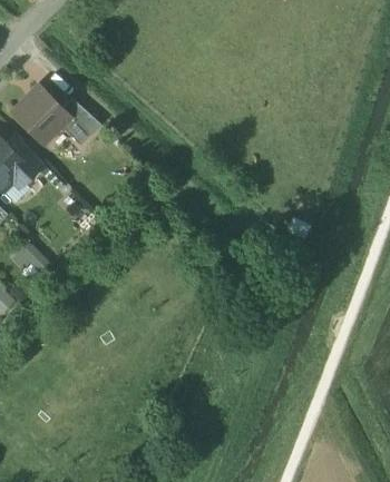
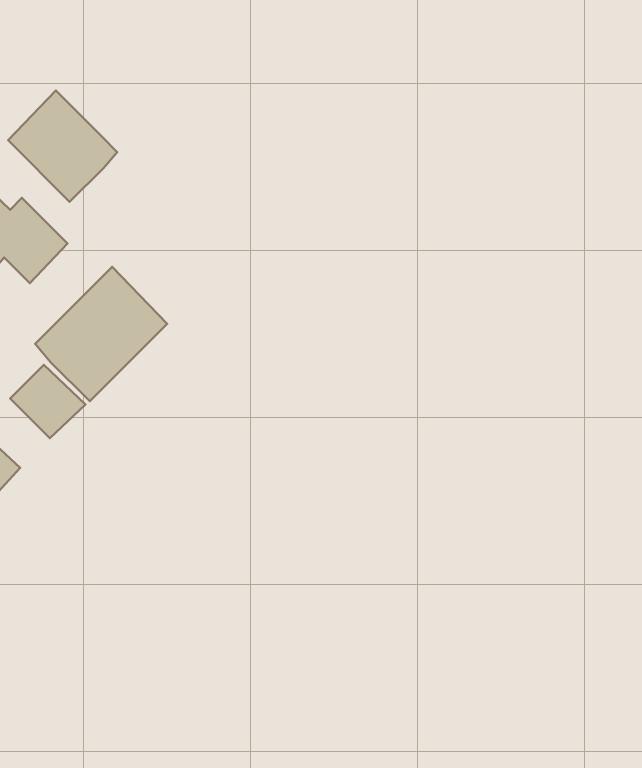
building: [61,98,99,145] -> none
building: none -> [35,267,167,401]

